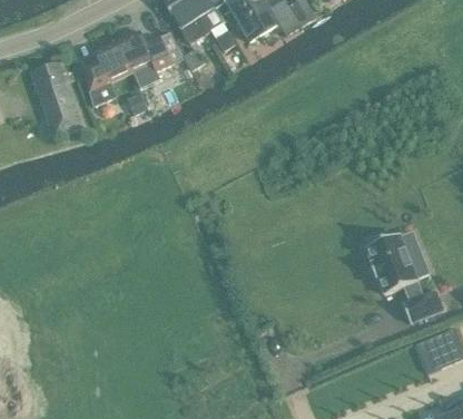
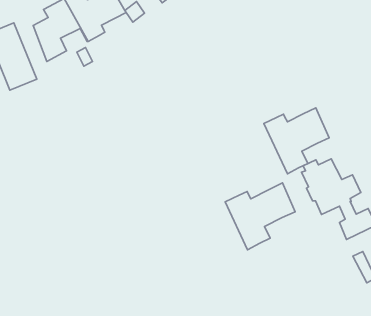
building: none -> [264,108,329,174]
building: none -> [225,183,295,250]

